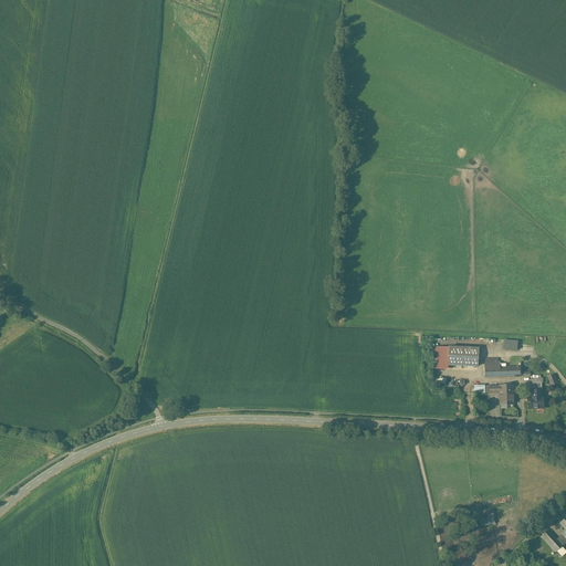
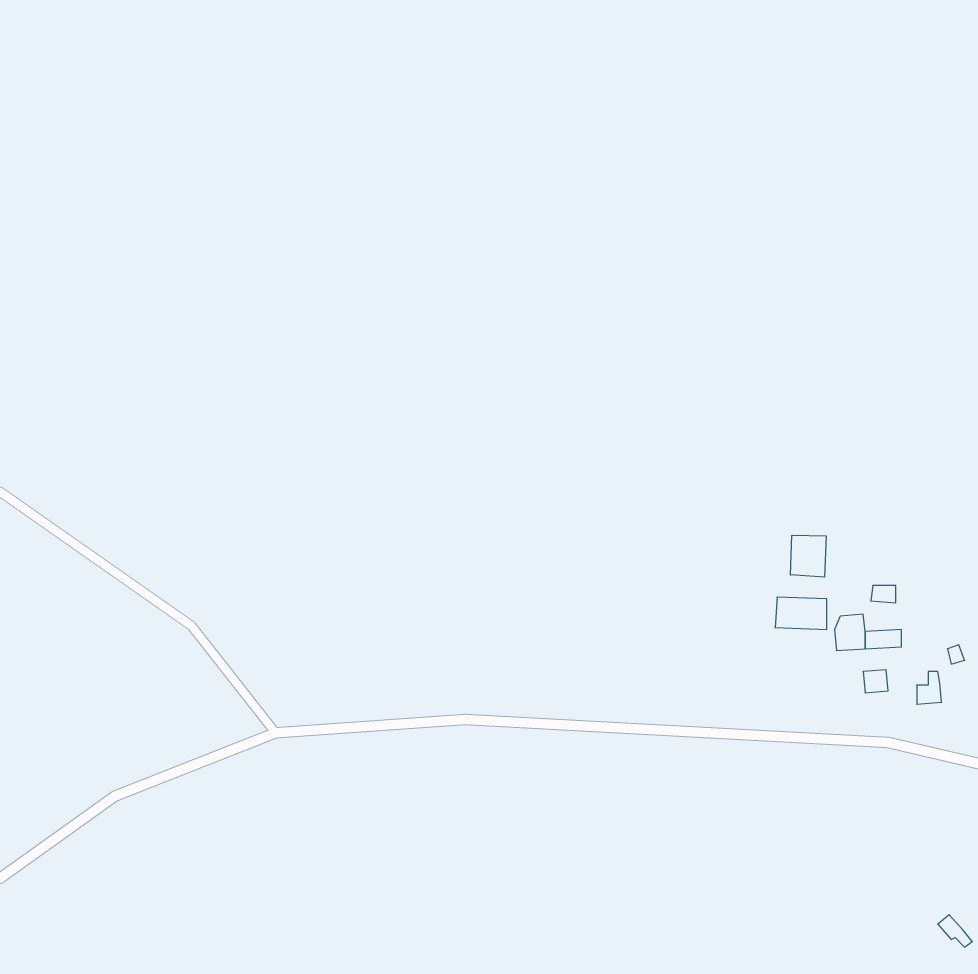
building: none -> [790,535,826,577]

